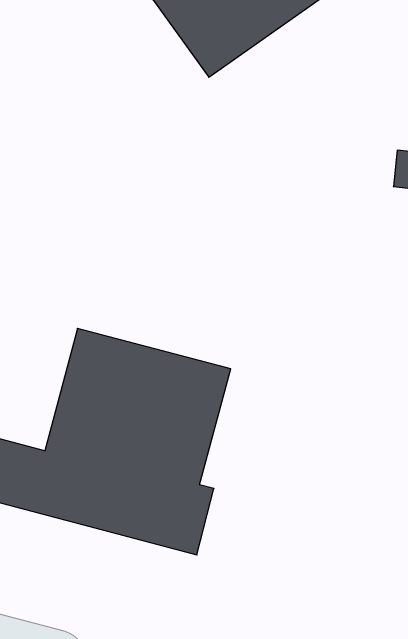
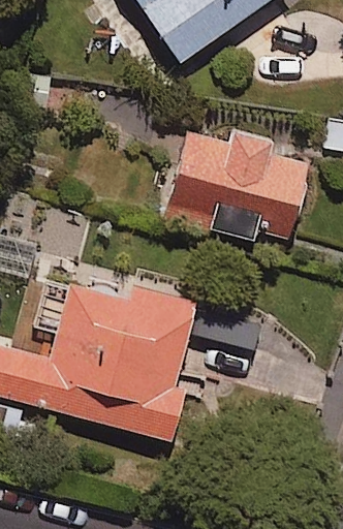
building: none -> [166,130,307,238]

